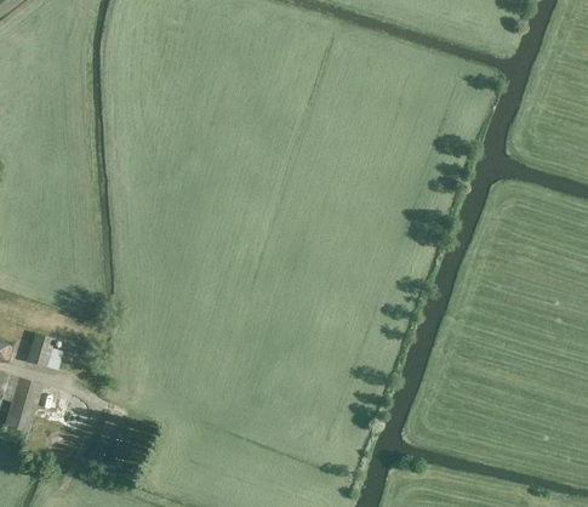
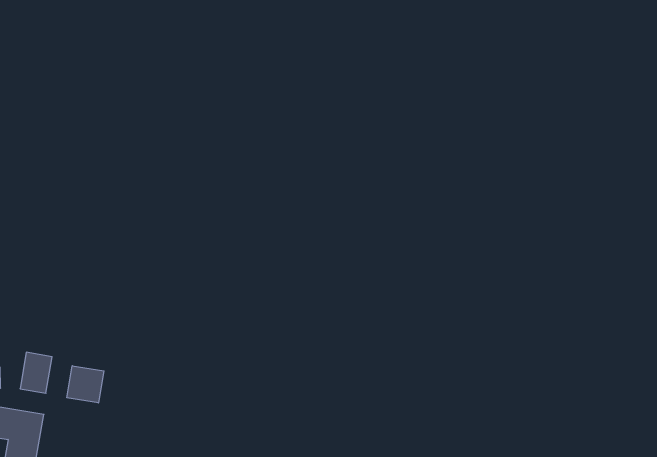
building: none -> [67,366,104,403]

